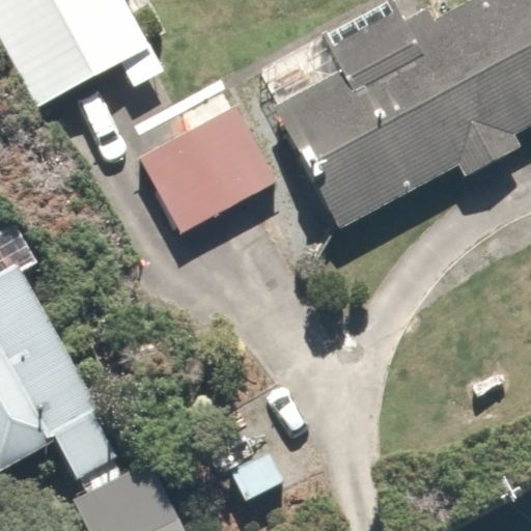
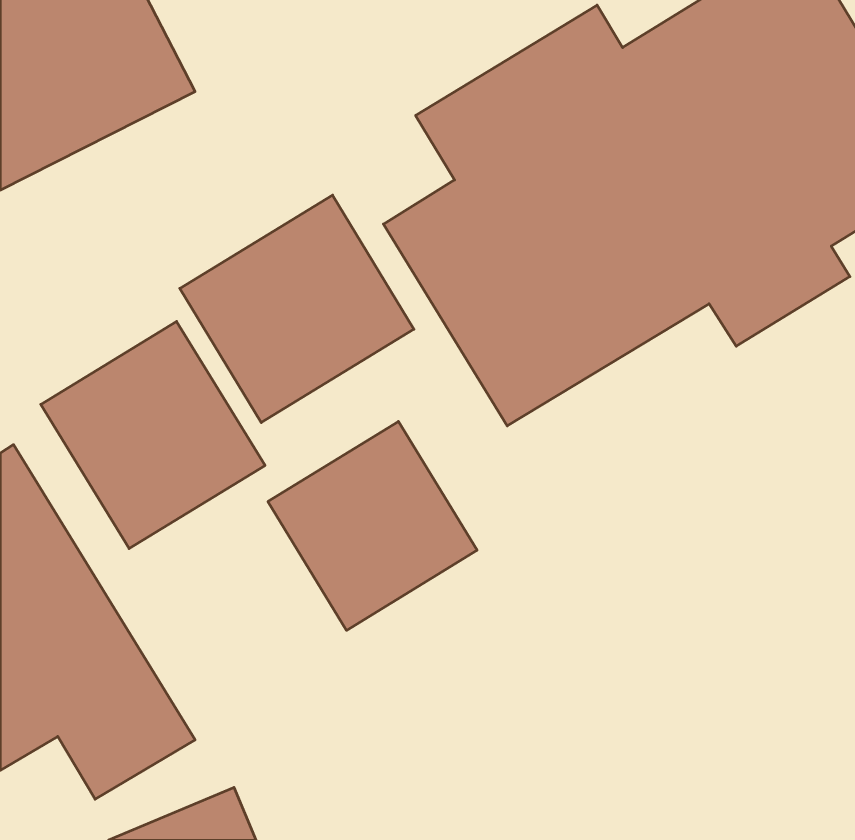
building: none -> [41,321,265,549]
building: none -> [268,421,477,630]

